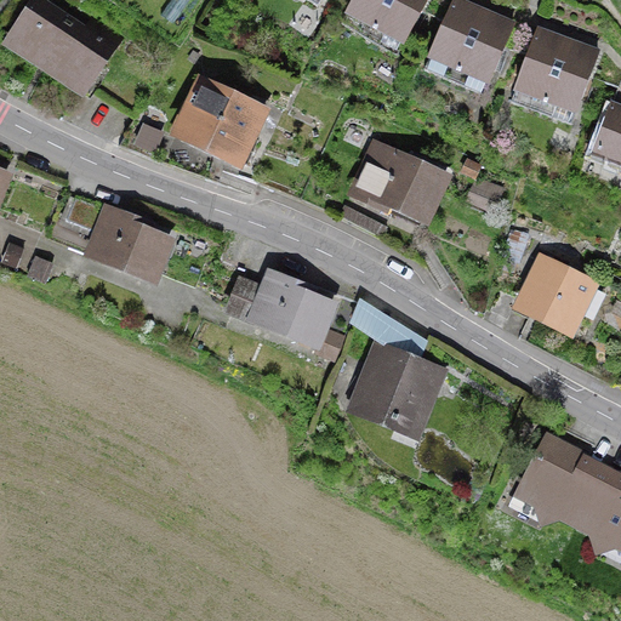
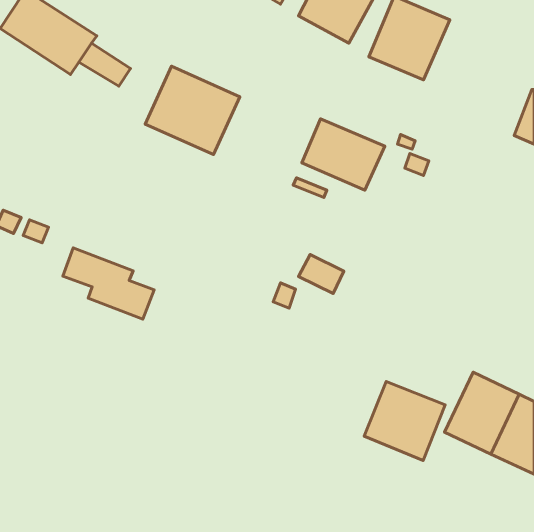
building: [509,30,602,126] -> none
building: [59,189,165,272] -> [63,248,154,319]
building: [507,255,602,347] -> none
building: [229,272,329,337] -> none
building: [349,342,443,433] -> [364,382,445,460]

